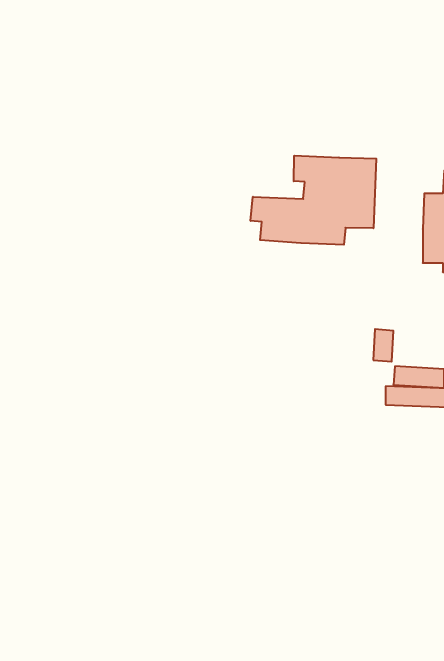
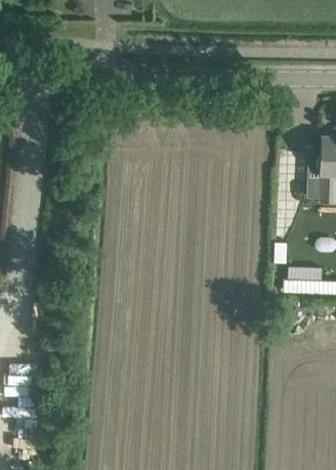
building: [251,156,376,245] -> none

